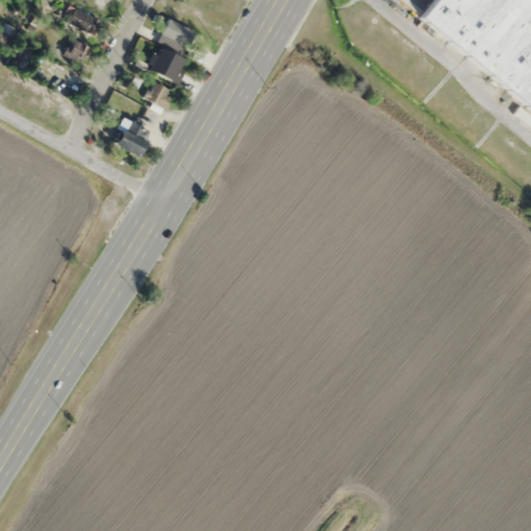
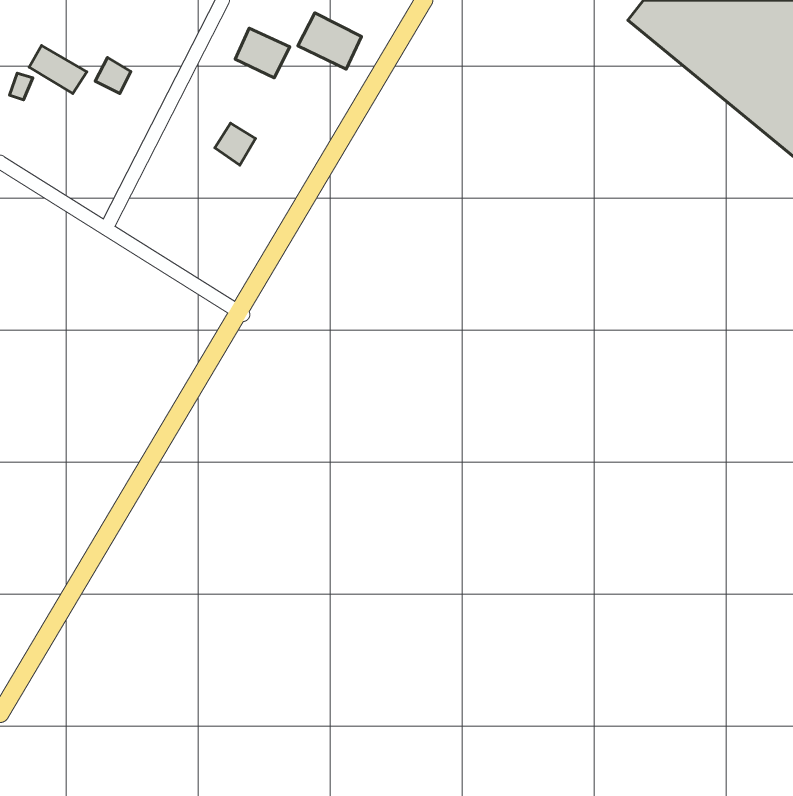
building: [63,4,102,36] -> [29,45,87,94]
building: [145,46,188,83] -> [298,13,362,69]
building: [114,119,151,157] -> none

